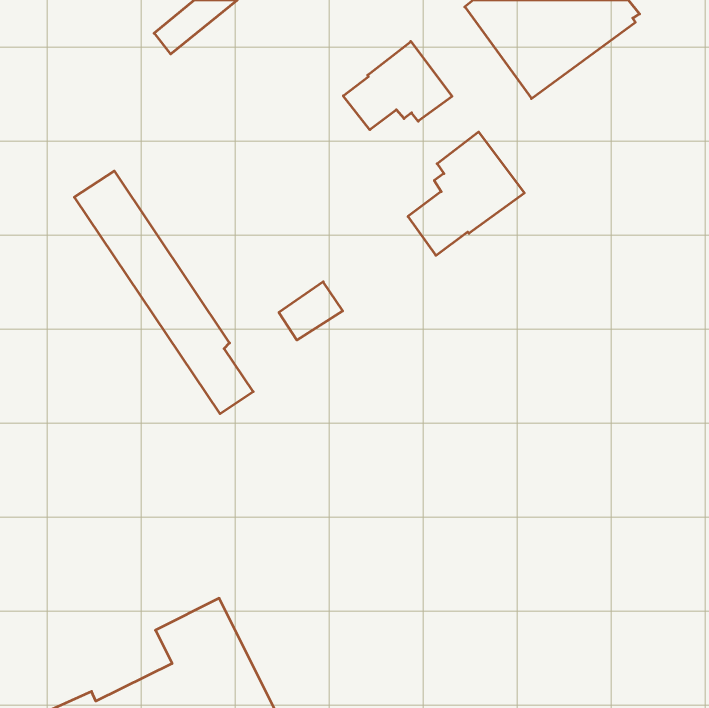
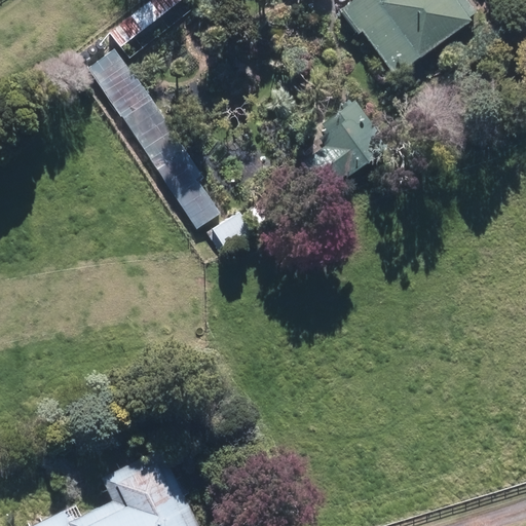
building: [343,41,452,130] -> none
building: [74,171,253,414] -> [88,48,221,228]

